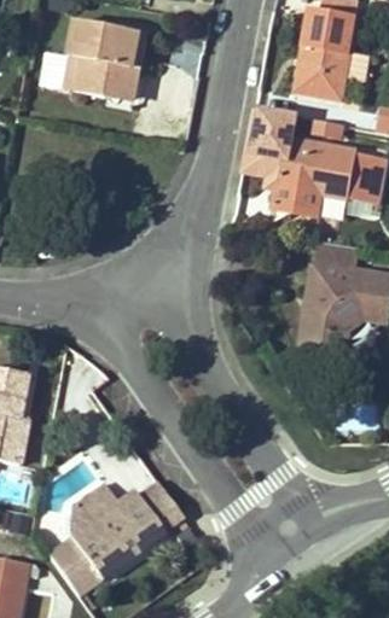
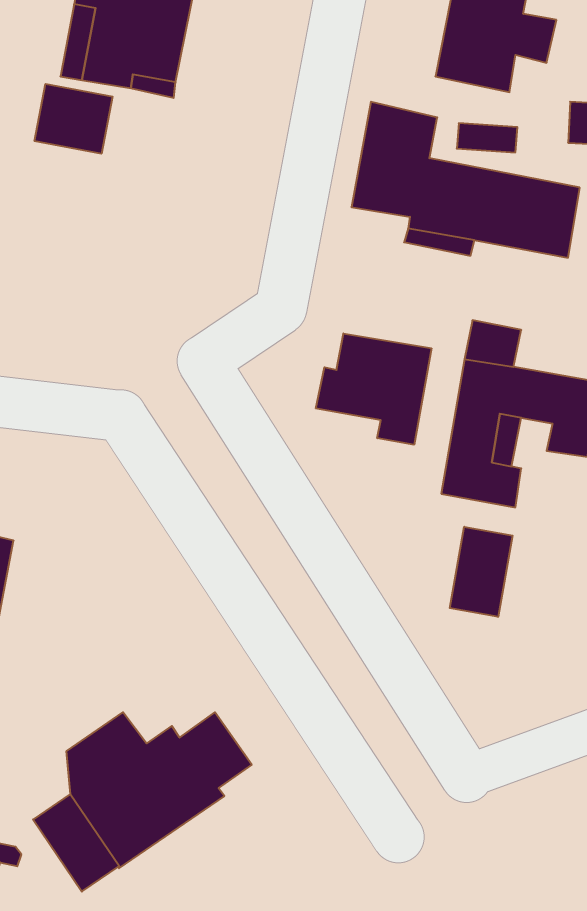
building: none -> [35,84,113,154]
building: none -> [316,333,431,445]
building: none -> [450,527,513,617]

